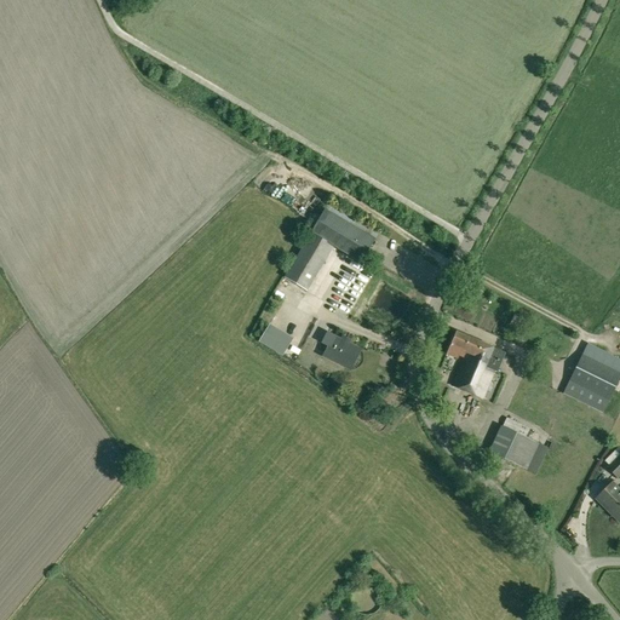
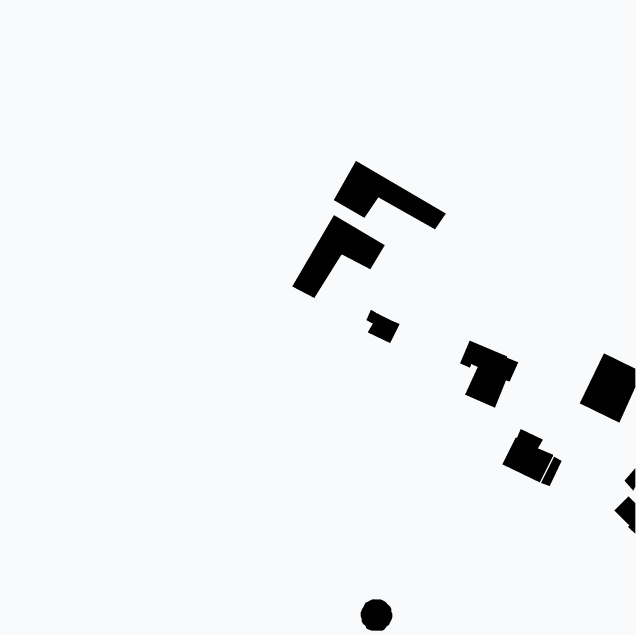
building: none -> [333,160,447,230]
building: [259,326,292,356] -> none
building: [325,333,358,367] -> [366,309,400,344]

